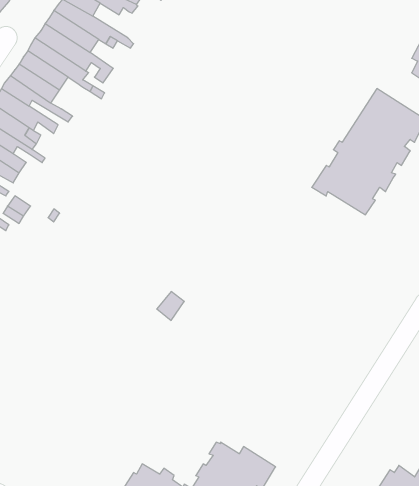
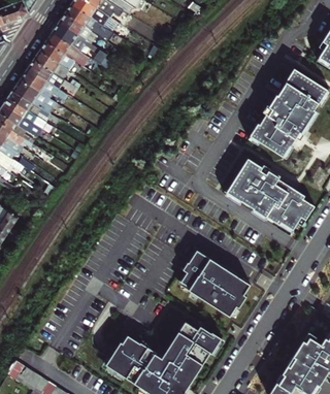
building: none -> [224,160,314,233]
building: none -> [178,251,250,317]

